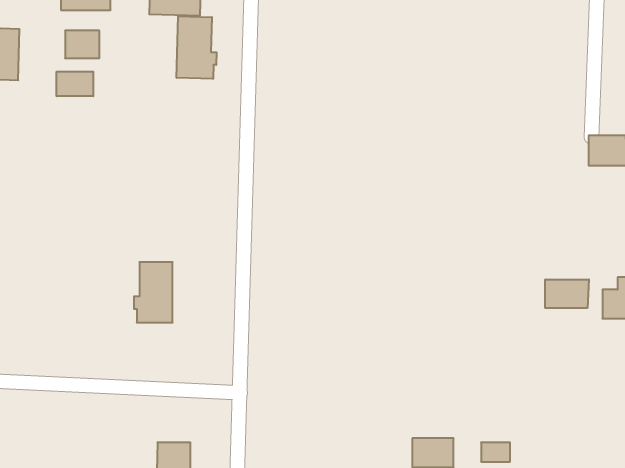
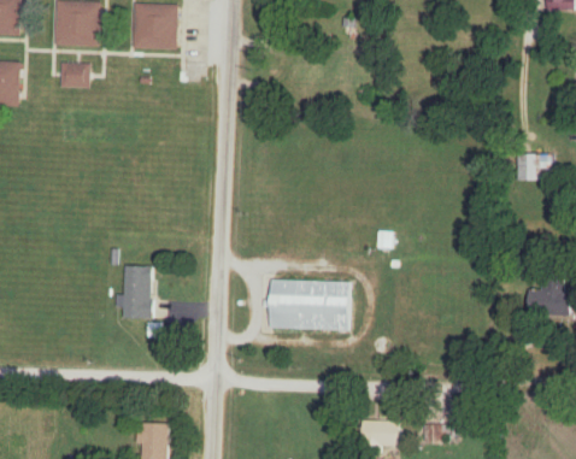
building: [177,16,217,79] -> none
building: [57,72,93,96] -> none
building: none -> [270,279,352,330]
building: [545,279,589,308] -> none

